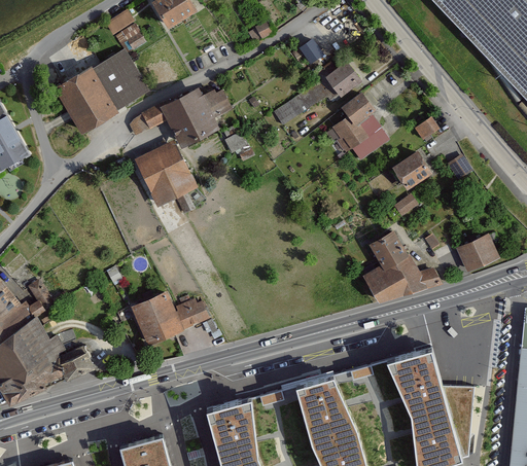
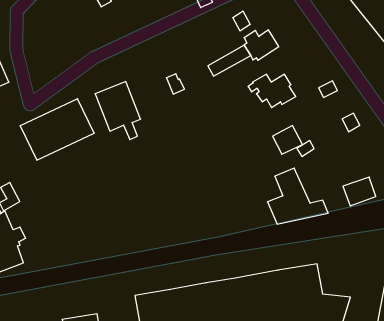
building: [55,49,148,131] -> [20,99,94,160]
building: [132,89,231,147] -> none
building: [341,93,375,126] -> none
building: [393,151,431,188] -> [273,126,302,154]
building: [131,292,208,345] -> none
building: [56,346,93,379] -> none

